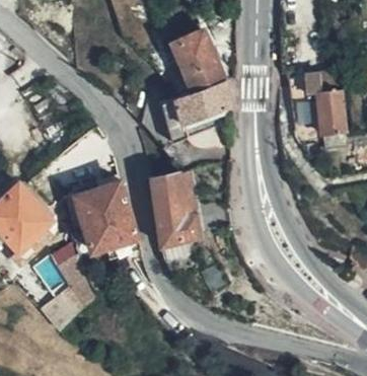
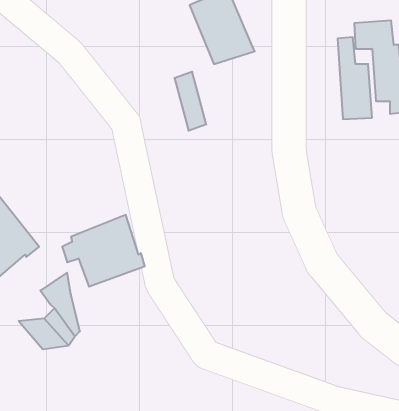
building: [176,80,232,123] -> none
building: [149,170,198,259] -> none
building: [71,182,124,227] -> none

